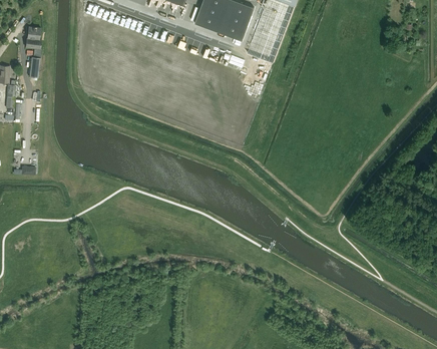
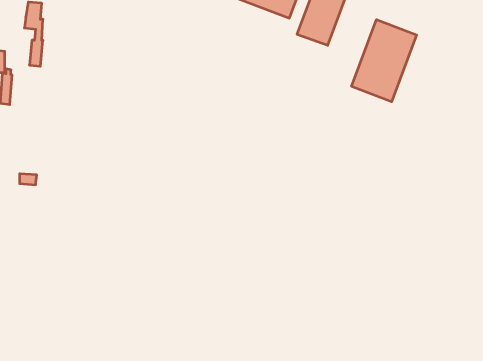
building: none -> [352,20,417,102]

